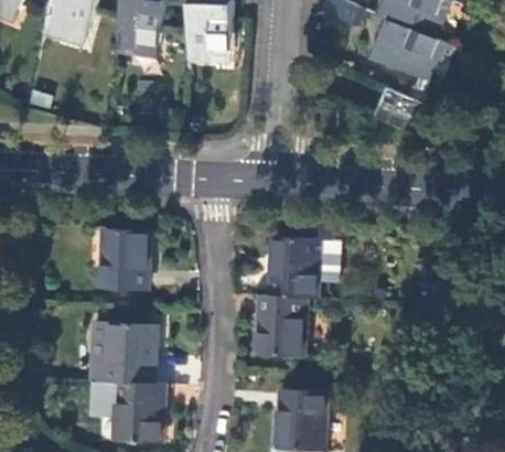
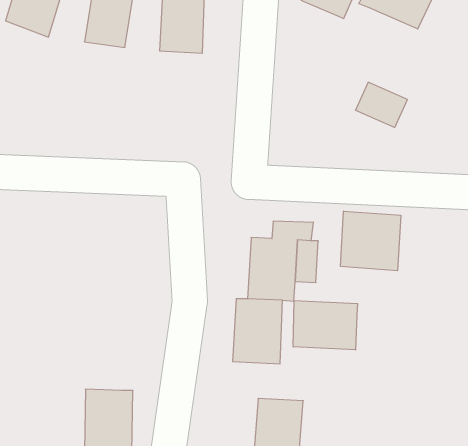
building: [370,20,445,83] -> none
building: none -> [341,211,401,271]
building: [101,232,149,292] -> none
building: none -> [293,300,358,350]
building: [86,323,152,384] -> none

